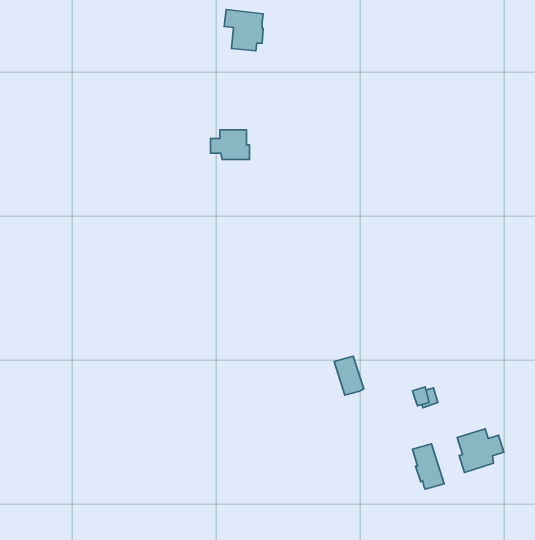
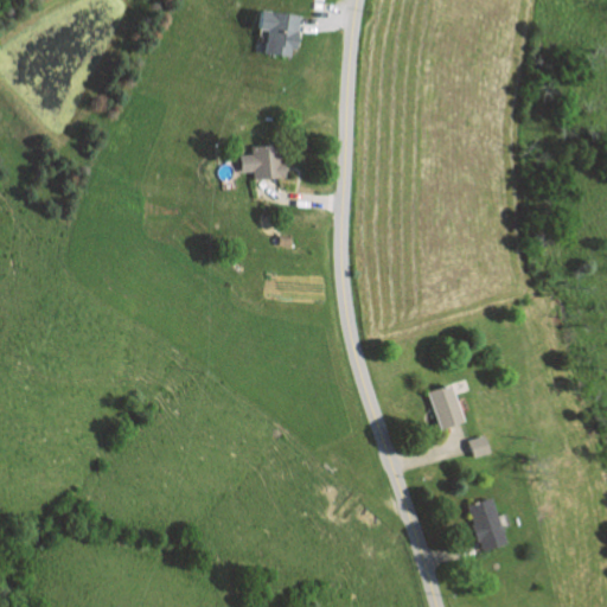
building: [334,356,364,395] -> [428,383,461,427]
building: [457,429,504,472] -> none

